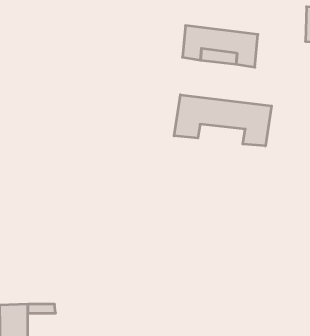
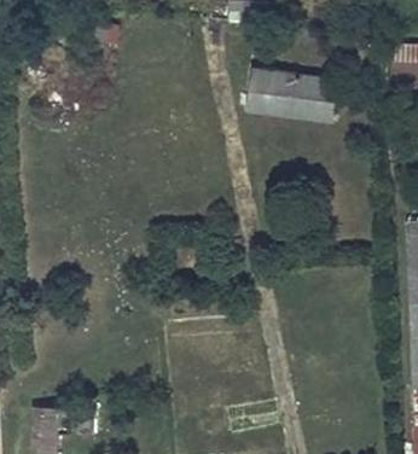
building: [174,95,272,146] -> none

